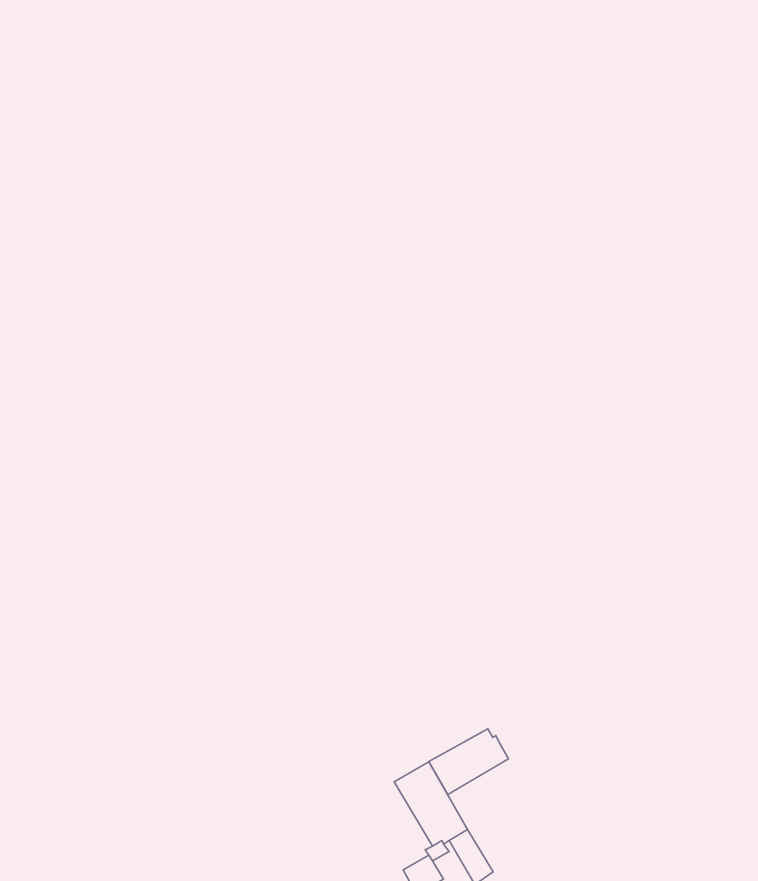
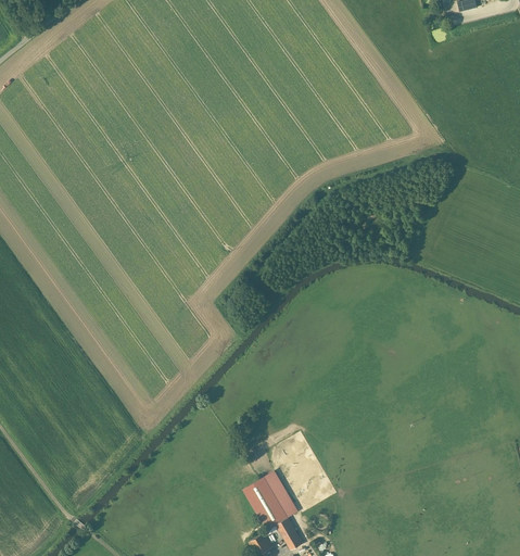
building: [429,729,509,795] -> none

